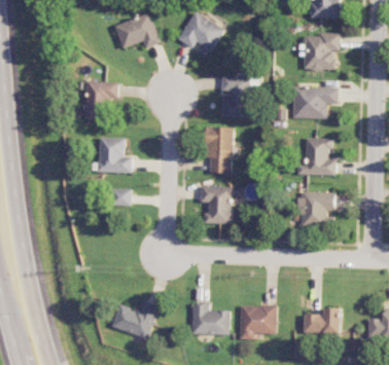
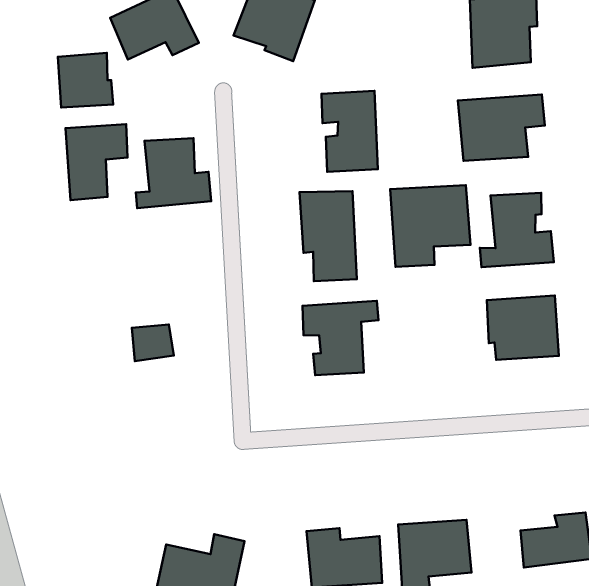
building: none -> [58,53,113,107]
building: none -> [390,185,470,267]
building: [93,138,132,173] -> [136,138,211,208]

